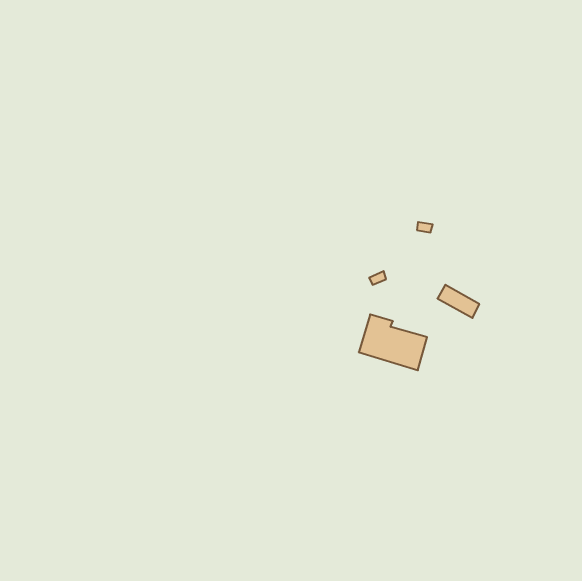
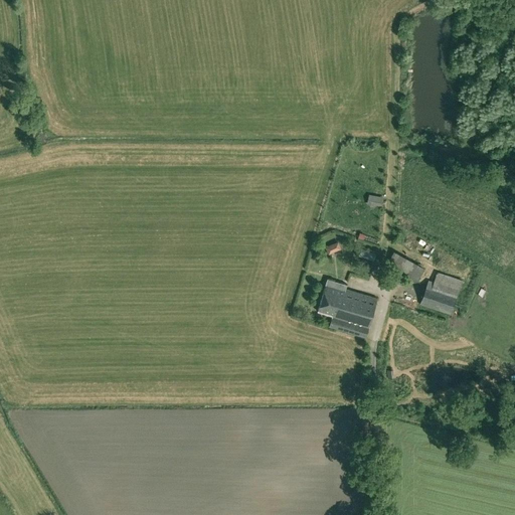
building: none -> [420,273,462,315]

